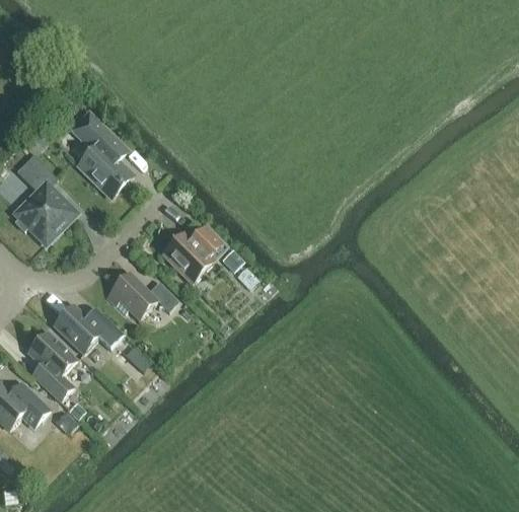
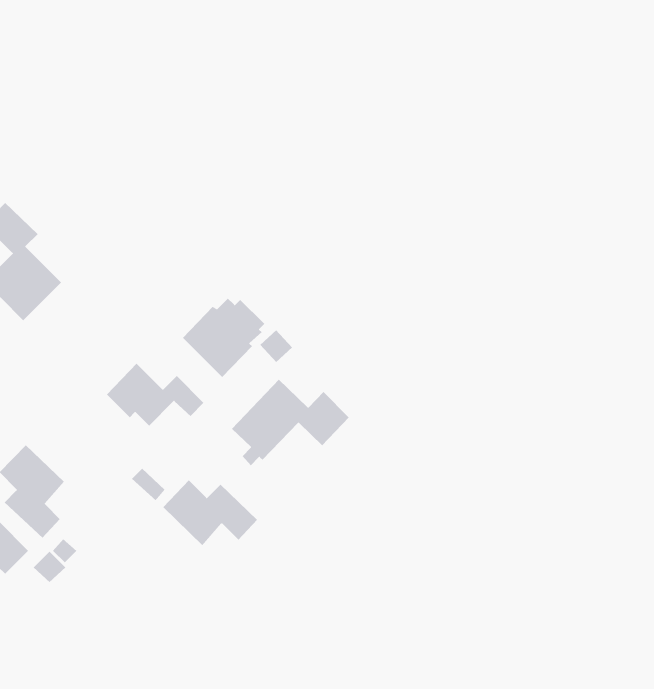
building: [72,113,132,197] -> none
building: none -> [231,379,349,466]
building: [54,304,124,353] -> [163,480,258,546]

